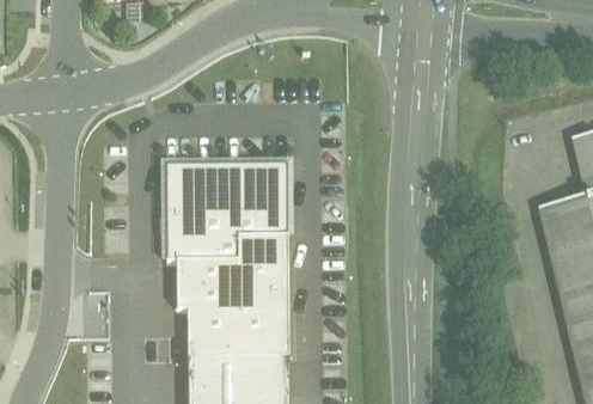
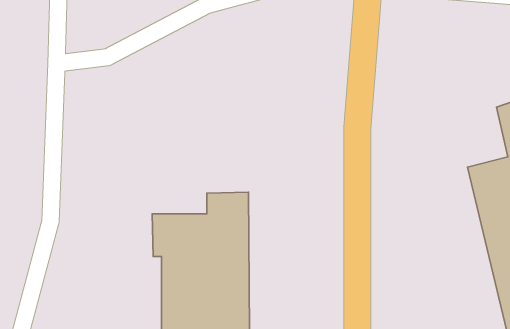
building: [161,163,289,259] -> none

